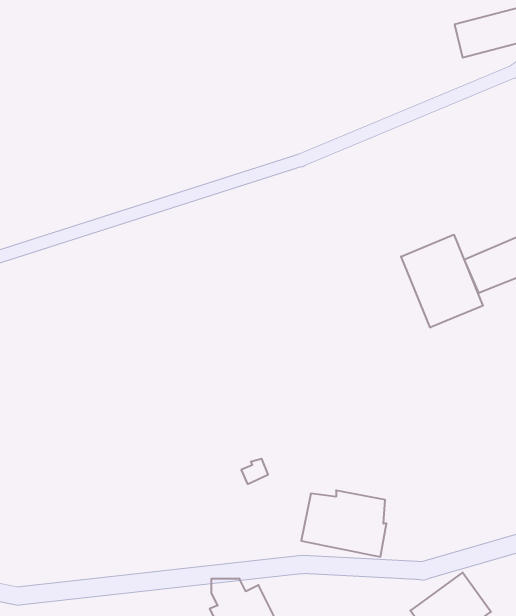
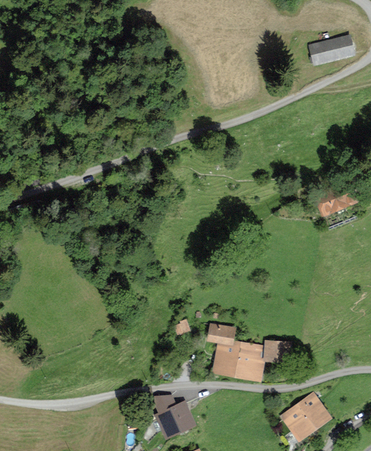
building: [401,235,483,328] -> none
building: none -> [206,324,235,344]
building: none -> [263,341,293,362]

